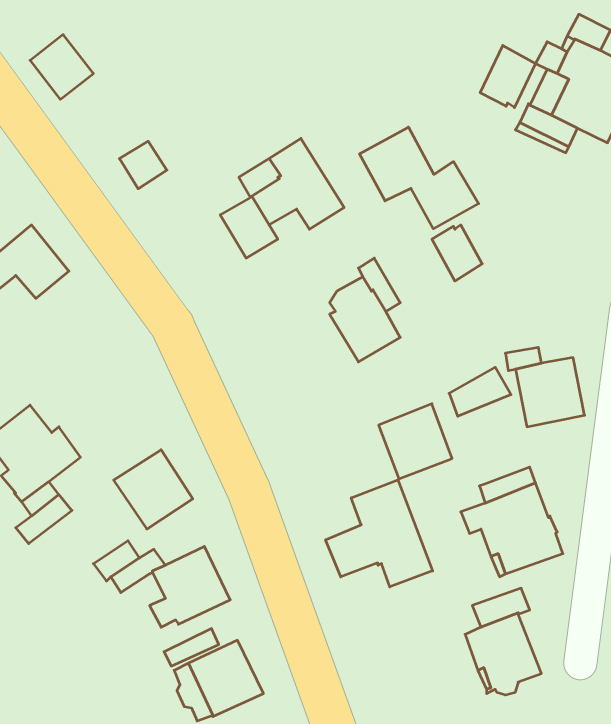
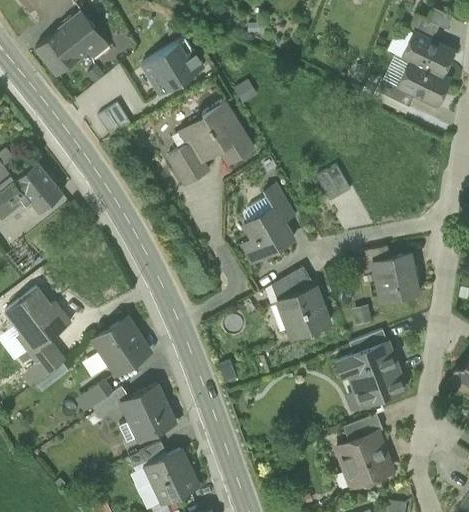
building: none -> [59,13,108,59]
building: [480,45,536,108] -> none
building: none -> [142,39,204,95]
building: [360,127,479,229] -> none
building: [449,367,511,416] -> [272,268,315,302]
building: [326,480,433,587] -> none

